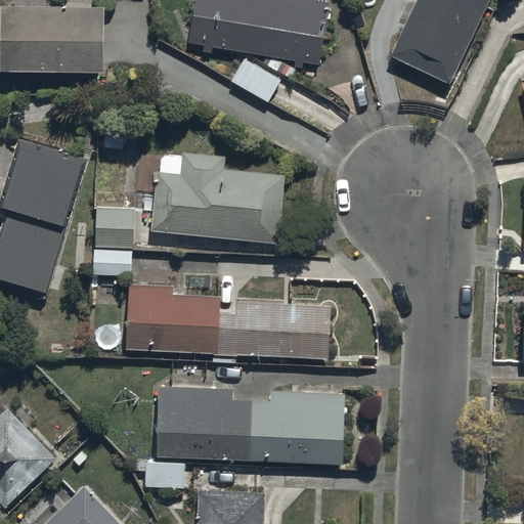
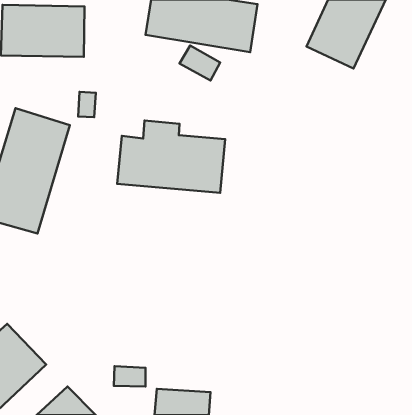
building: [93,206,133,277] -> none
building: [126,283,332,358] -> none
building: [154,388,347,465] -> none

